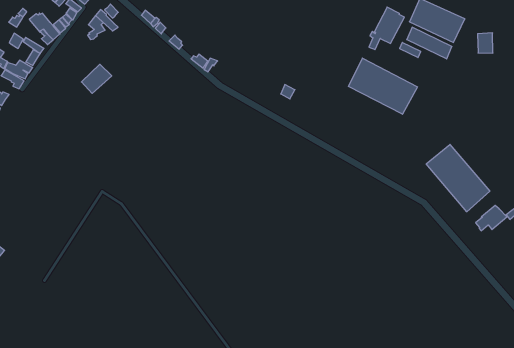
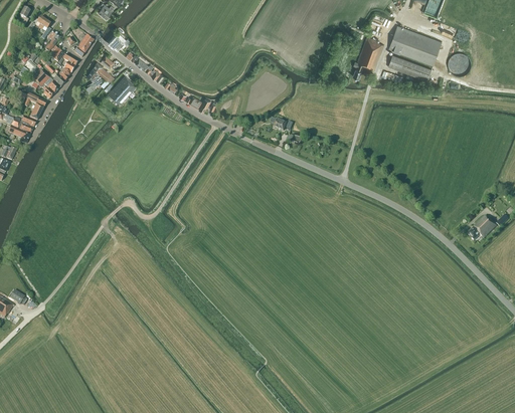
building: [348,58,417,114] -> none
building: [81,64,112,93] -> [108,75,136,104]
building: [426,144,490,212] -> none

